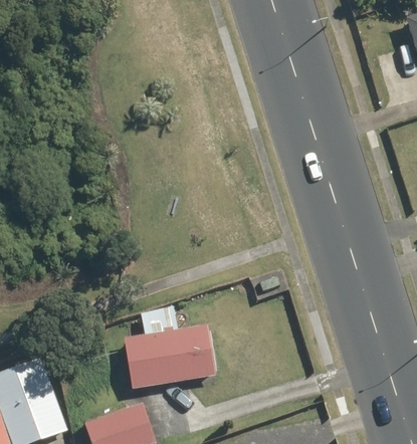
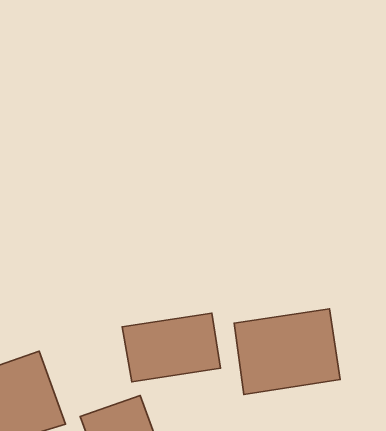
building: none -> [234,309,340,395]

